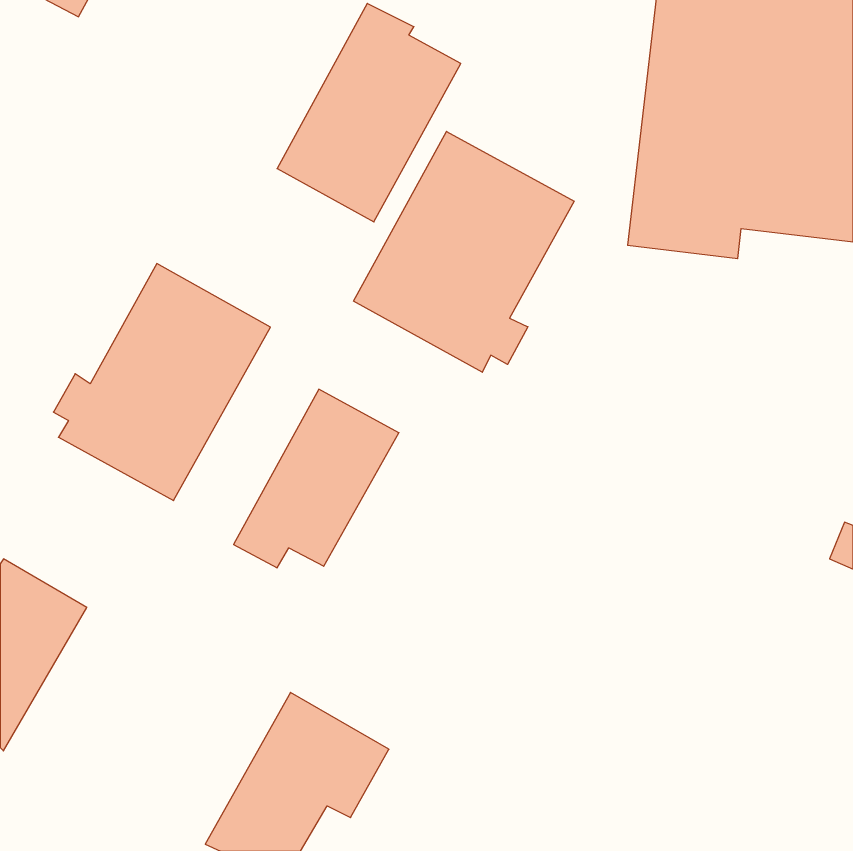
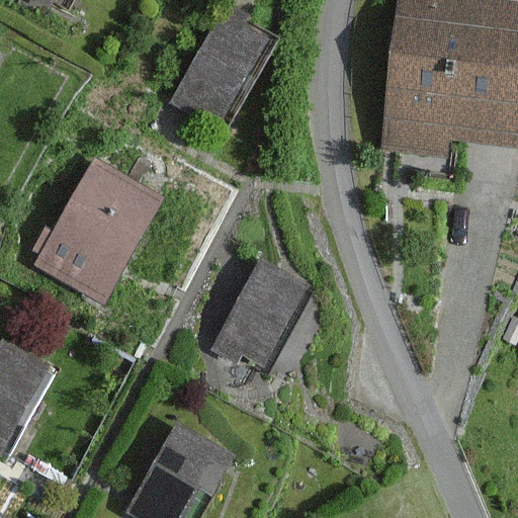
building: [354,131,574,372] -> none
building: [234,389,399,568] -> [208,258,309,366]

